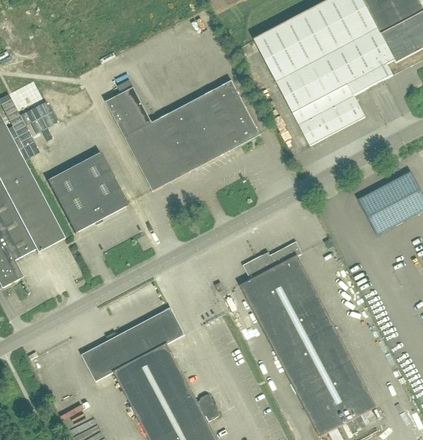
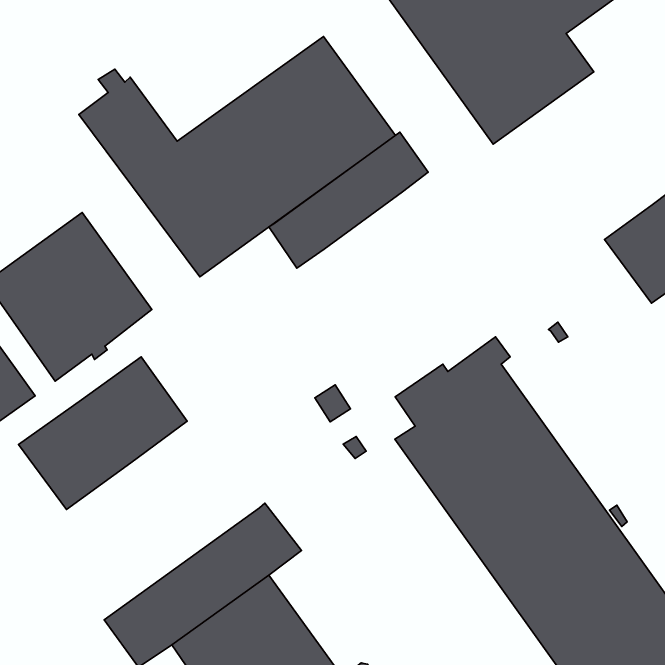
building: none -> [269,132,428,268]
building: none -> [19,357,187,509]

